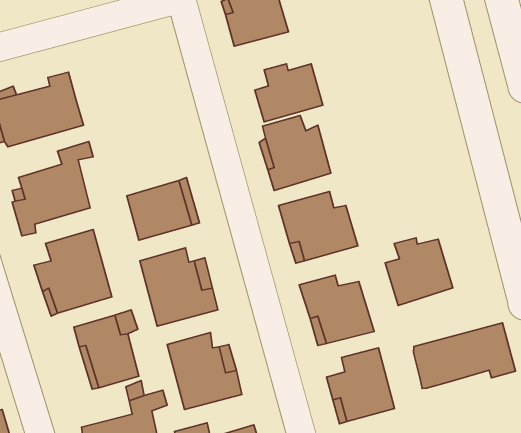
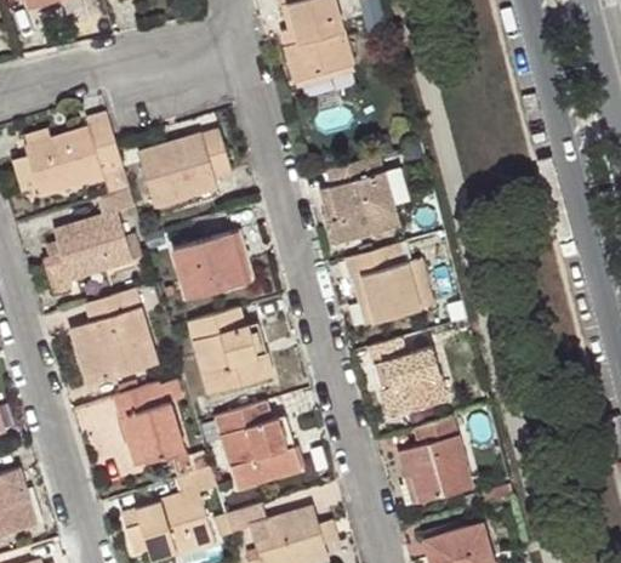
building: [255,64,323,122] -> none
building: none -> [138,131,232,207]
building: [385,238,453,306] -> none
building: [413,323,515,388] -> none

